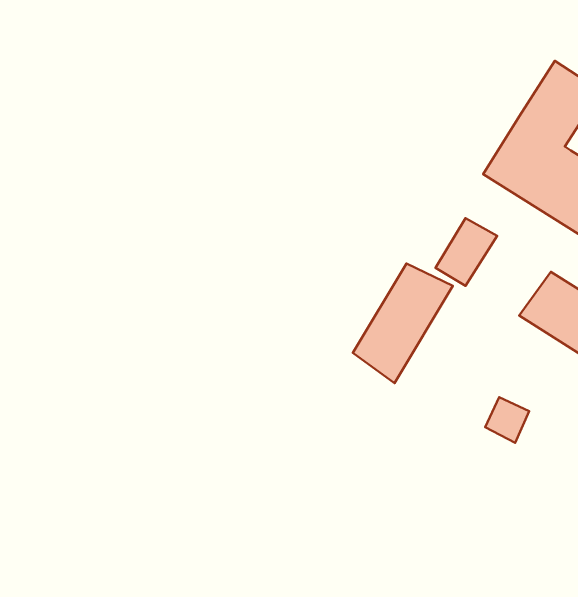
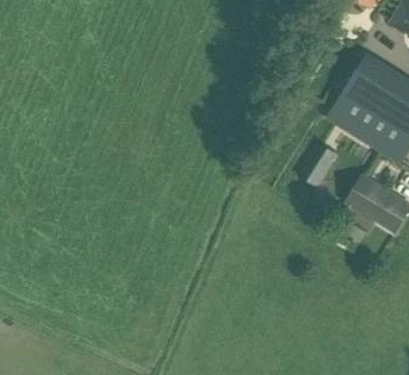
building: [353,263,453,383] -> none

